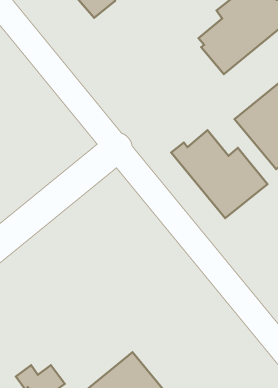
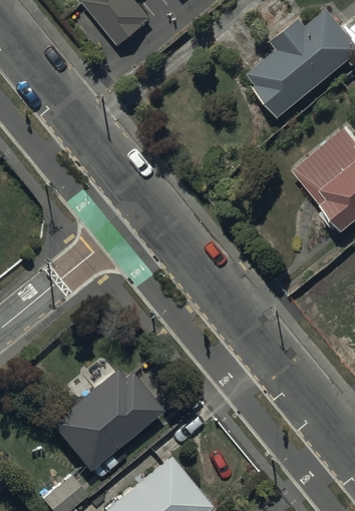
building: [171,130,268,218] -> none
building: none -> [46,361,161,473]

